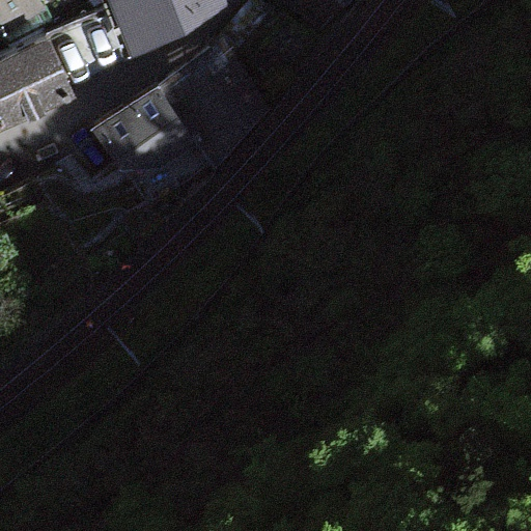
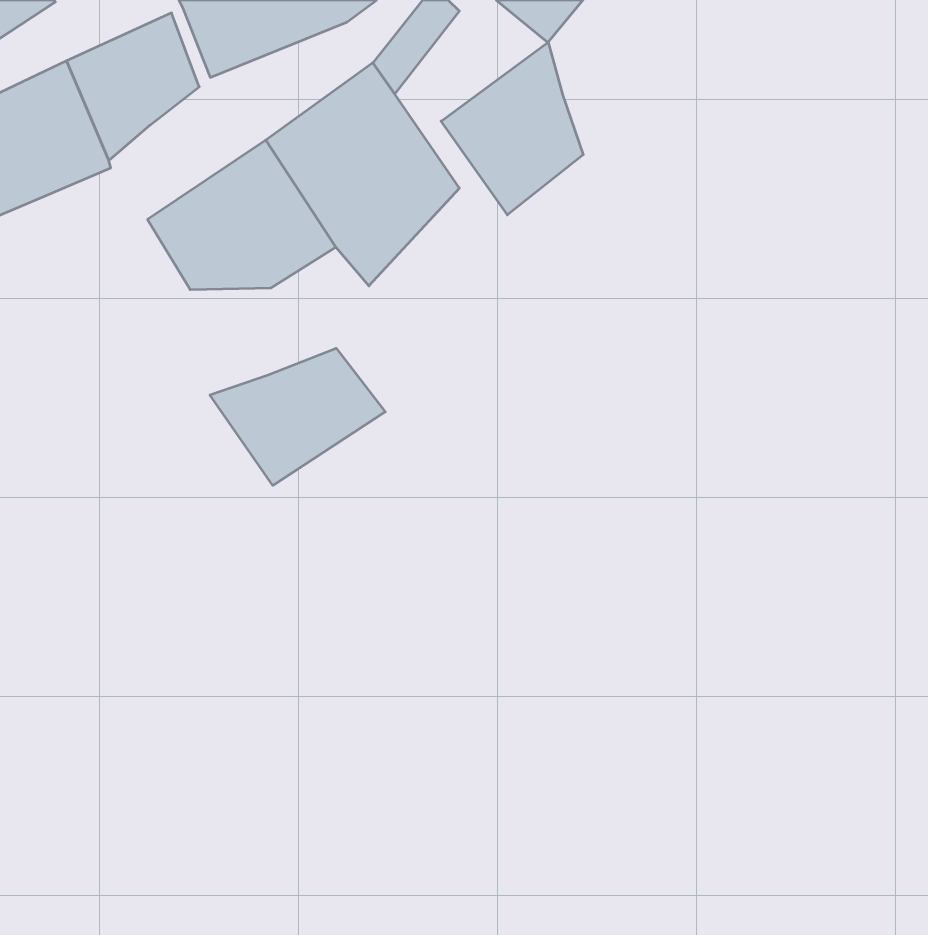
building: none -> [441,42,583,215]
building: none -> [210,348,385,485]

